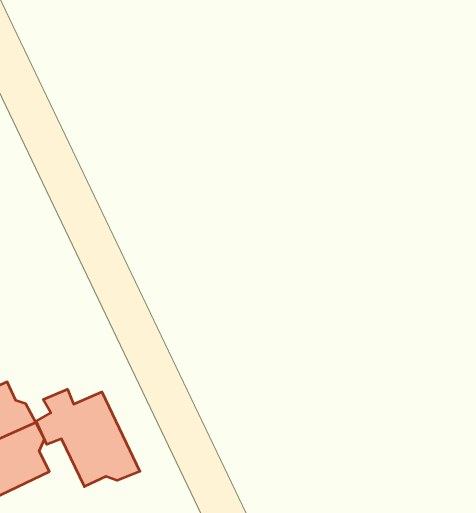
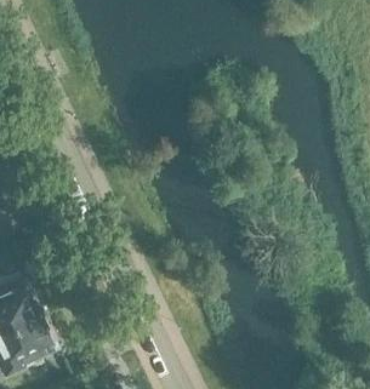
building: [36,389,140,487] -> none

